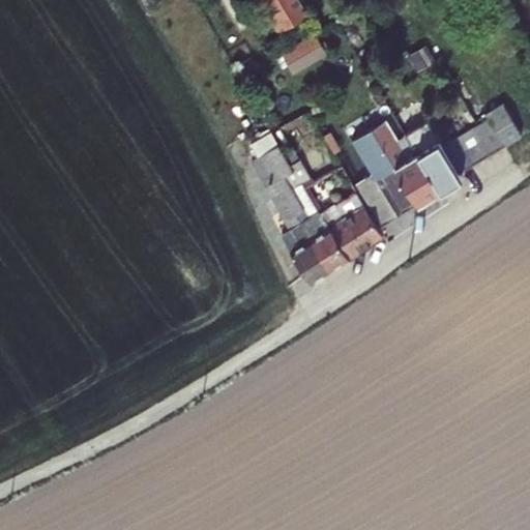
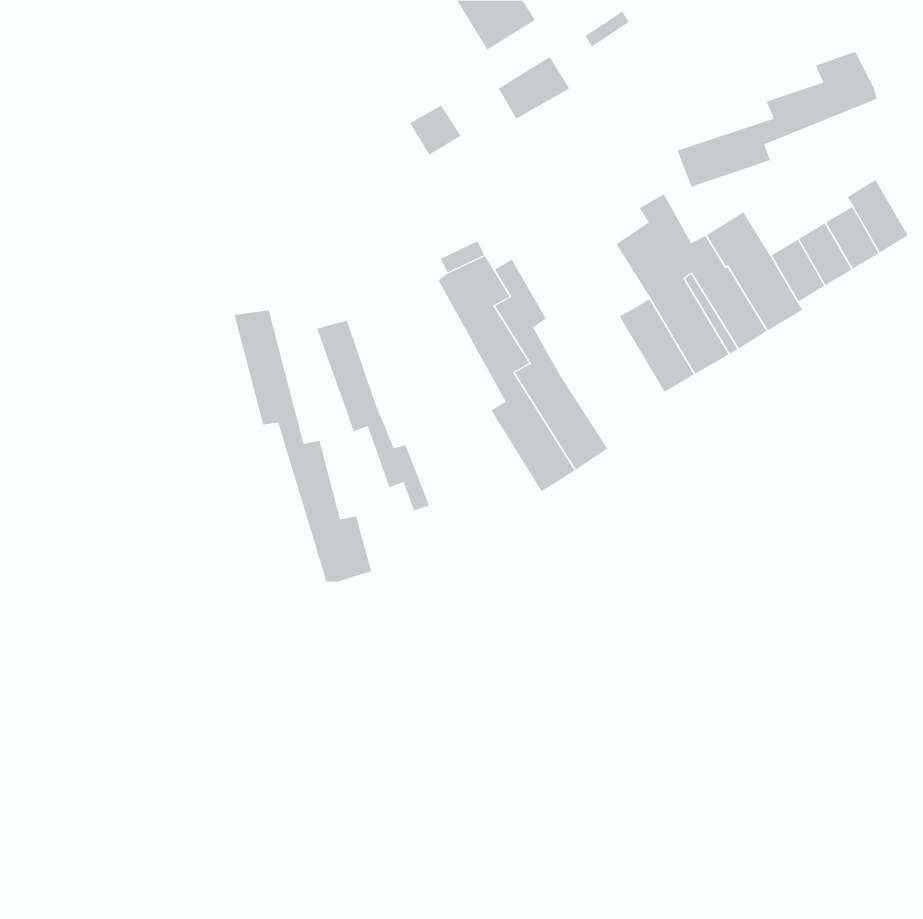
building: none -> [677,51,877,188]
building: none -> [234,310,372,583]
building: none -> [317,320,430,511]
building: [320,196,382,260] -> none

